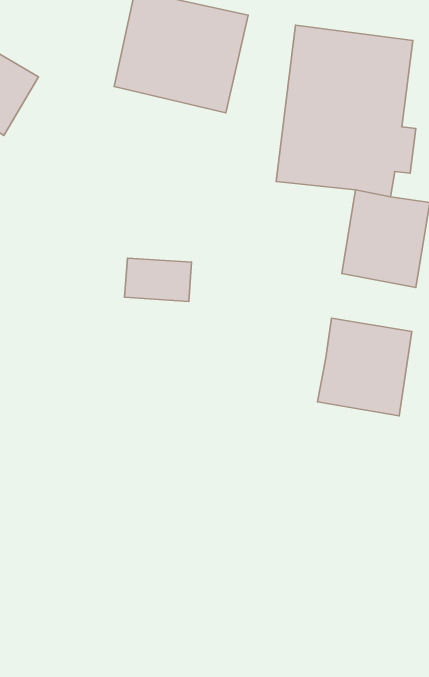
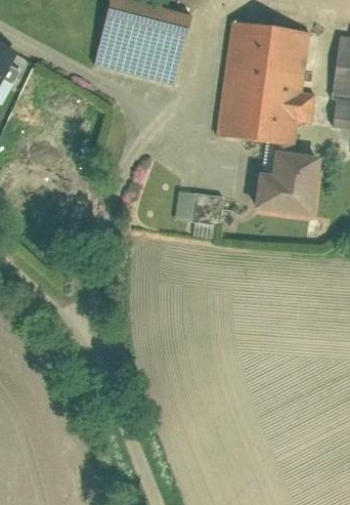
building: [125,258,192,301] -> [175,194,224,225]
building: [318,318,412,416] -> none

